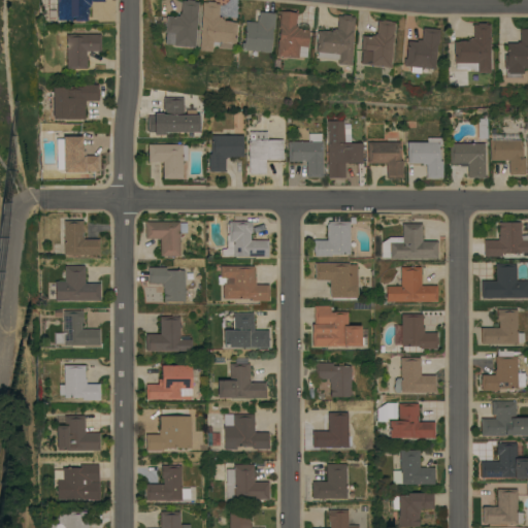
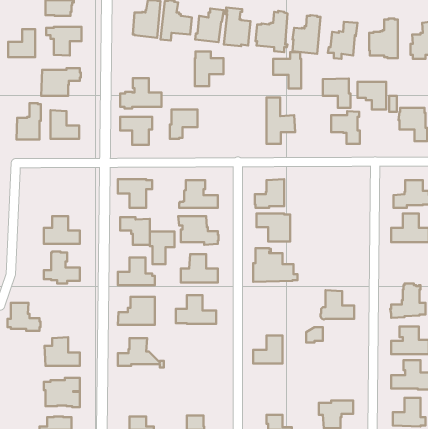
building: none -> [8,29,35,57]
building: none -> [16,103,41,140]
building: [250,131,285,173] -> [195,52,223,86]
building: [290,133,324,177] -> [273,52,301,88]
building: [369,141,403,177] -> [323,78,350,108]
building: [451,143,486,177] -> [358,82,386,109]
building: [65,220,100,255] -> none
building: [383,224,438,258] -> none
building: [387,267,438,301] -> none
building: none -> [150,231,175,264]
building: [482,309,523,343] -> none
building: [402,314,438,349] -> none
building: [316,362,354,397] -> none
building: [61,365,101,399] -> [8,303,40,331]
building: [390,403,435,438] -> none
building: [224,414,269,449] -> none
building: [393,450,435,484] -> none
building: [314,463,348,498] -> none
building: [227,464,269,499] -> none
building: [146,465,191,500] -> none

